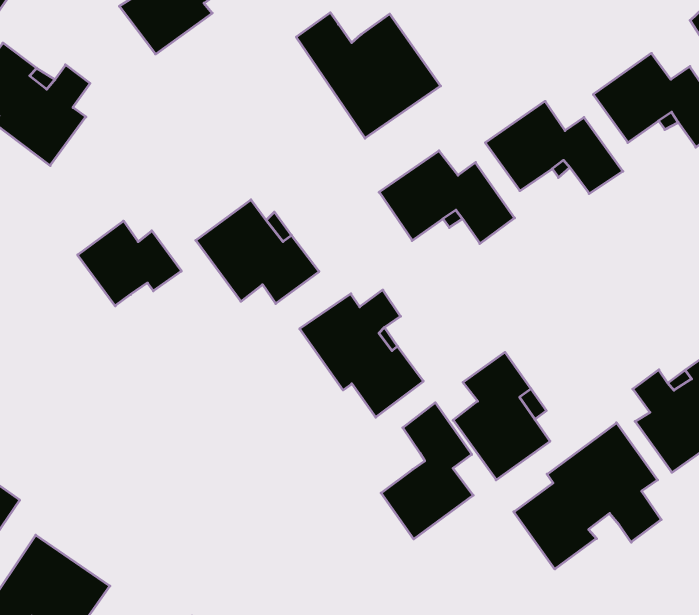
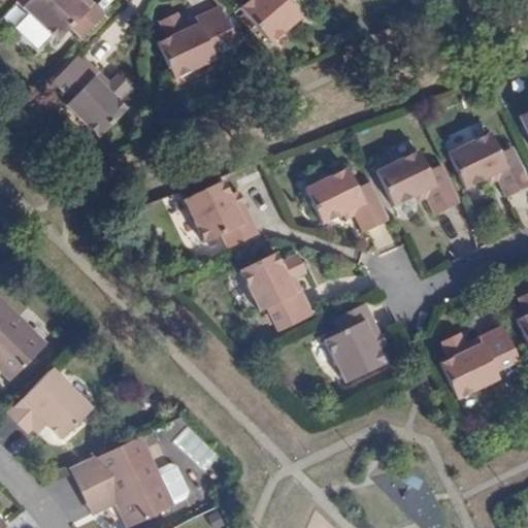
building: [296,13,441,138] -> none
building: [78,221,181,306] -> none
building: [381,403,473,539] -> none
building: [514,423,661,569] -> none

